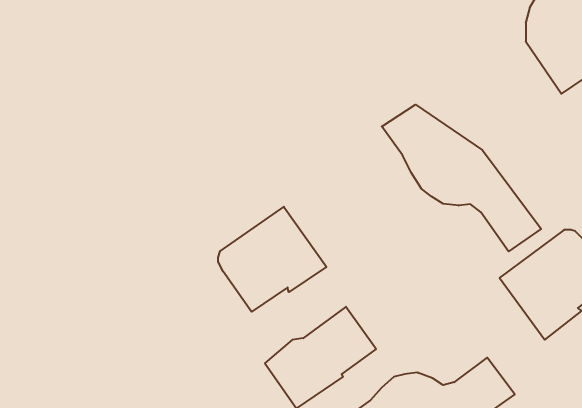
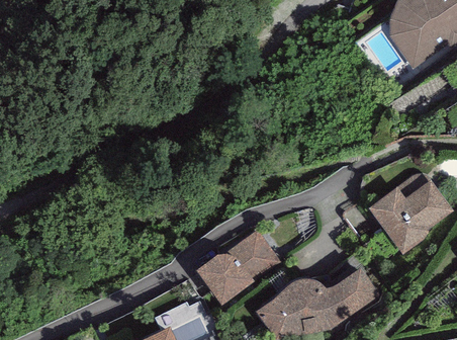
building: [382,105,541,251] -> none
building: [218,207,326,312] -> none

